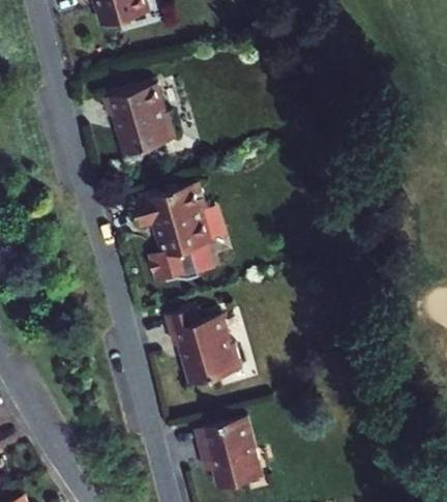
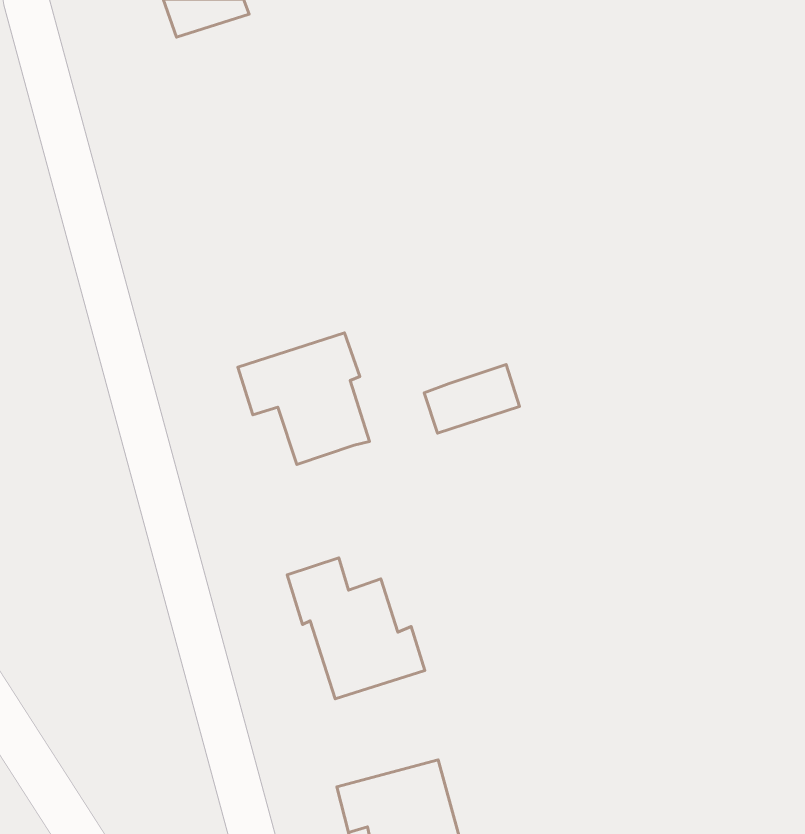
building: [107,84,181,155] -> none
building: [157,246,209,284] -> [424,364,520,433]

